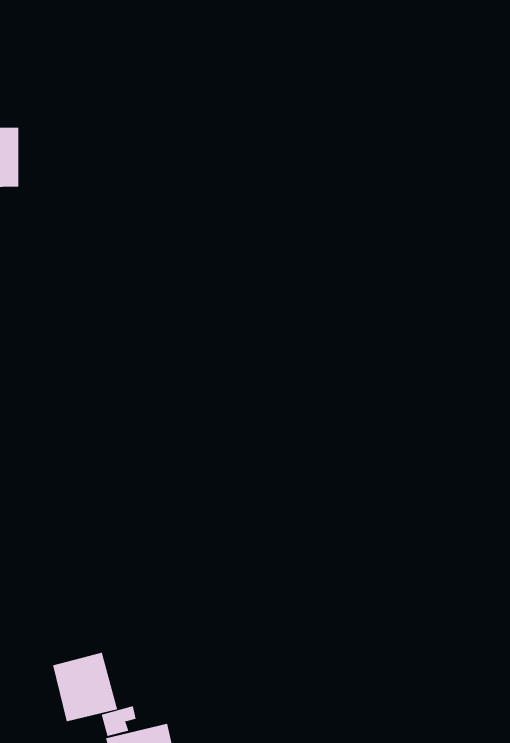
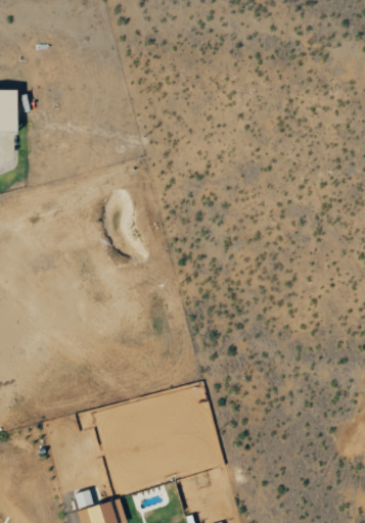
building: [52,652,118,722] -> none

